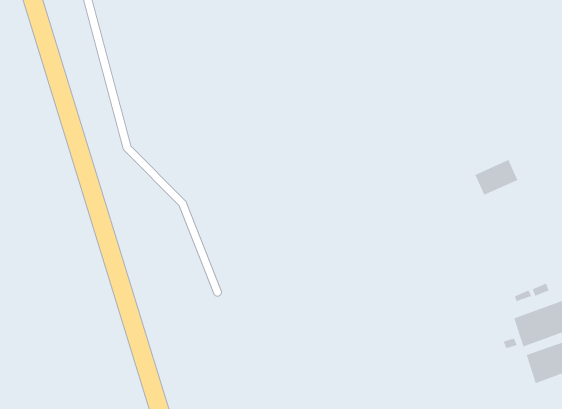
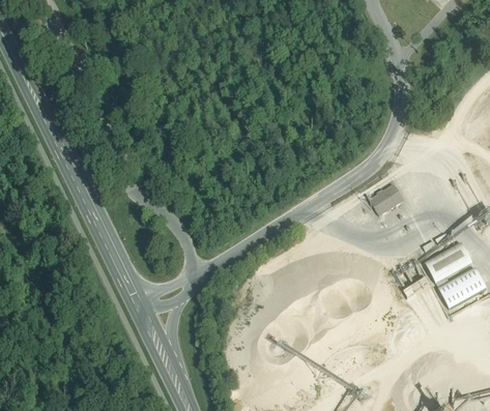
building: [475,159,518,196] -> [369,186,402,216]

